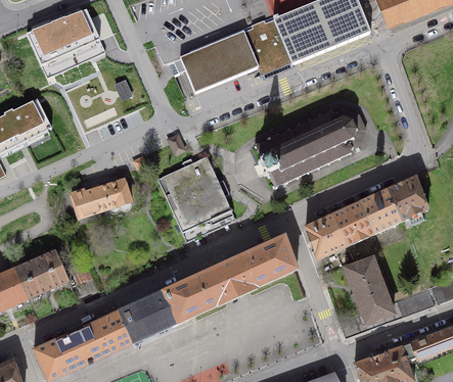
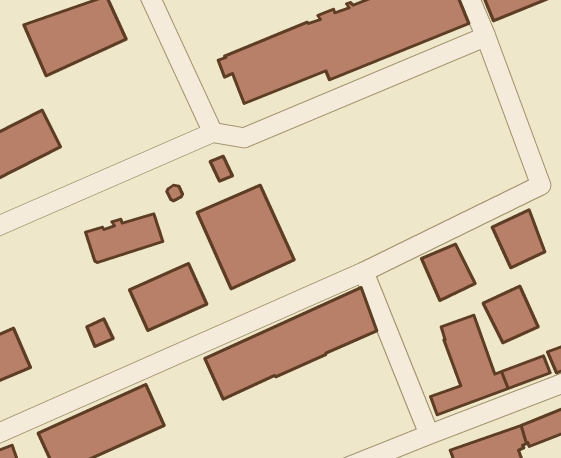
building: [255,108,365,188] -> none
building: [359,189,402,233] -> [483,286,538,343]
building: [306,213,347,259] -> none
building: [14,249,69,298] -> none
building: [118,291,178,343] -> [129,263,207,330]

